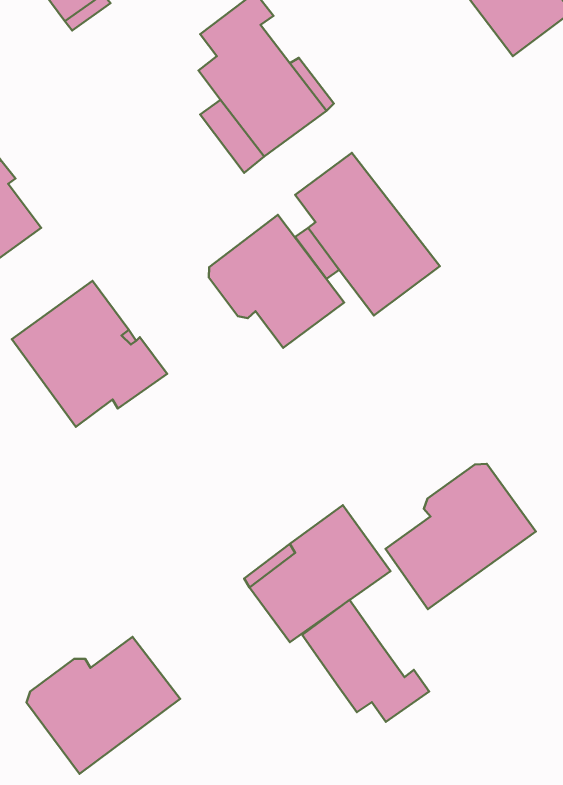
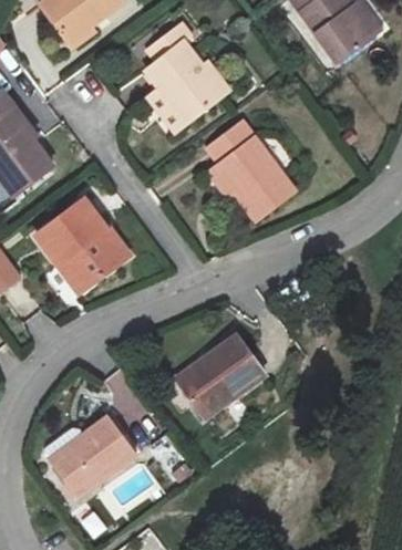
building: [209,215,344,348] -> none
building: [386,464,536,609] -> none
building: [302,600,429,722] -> none

